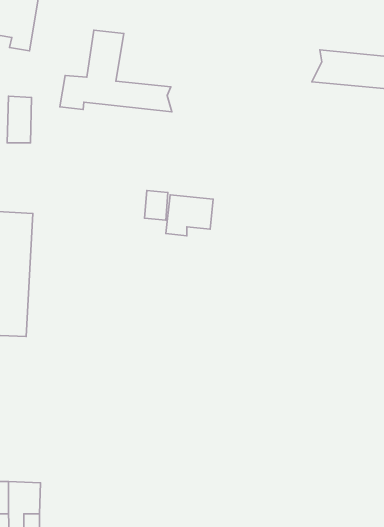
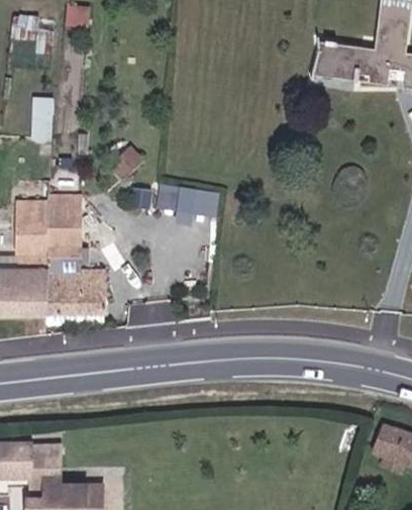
building: [60,30,172,112] -> none
building: none -> [45,195,104,316]

